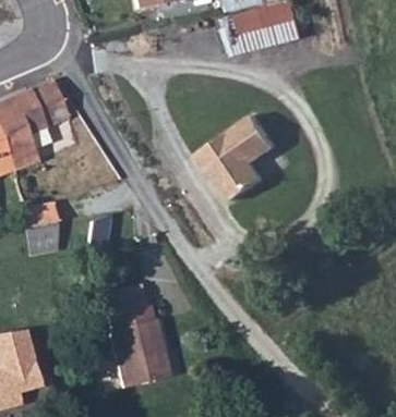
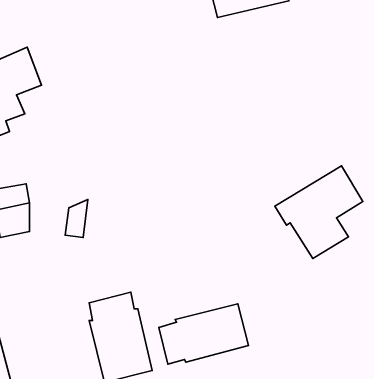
building: [197,113,278,198] -> [275,166,363,258]
building: none -> [159,304,248,364]

